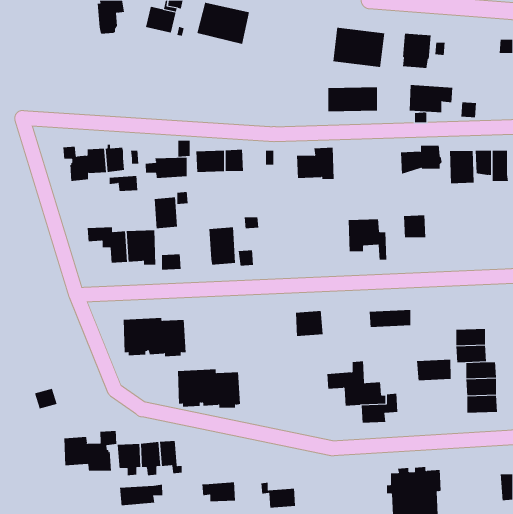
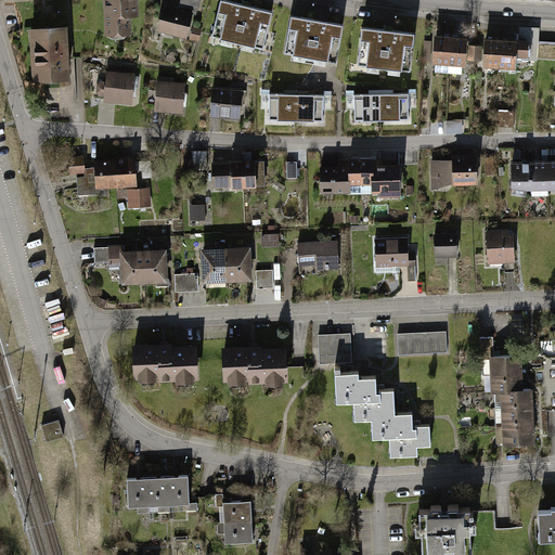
building: none -> [284,18,341,64]
building: none -> [28,27,67,82]
building: none -> [96,70,134,104]
building: none -> [155,75,185,113]
building: none -> [210,87,244,120]
building: [409,85,453,113] -> [483,37,531,67]
building: none -> [267,94,322,121]
building: none -> [359,159,398,199]
building: [449,150,475,184] -> [488,229,515,264]
building: [145,157,187,179] -> none
building: [154,197,178,229] -> [201,247,227,282]
building: none -> [296,241,338,268]
building: none -> [333,373,378,404]
building: [417,359,451,381] -> none
building: [177,369,241,408] -> [222,344,291,386]
building: [64,430,117,472] -> none
building: [260,482,296,508] -> [215,493,253,521]
building: [120,484,163,506] -> none

